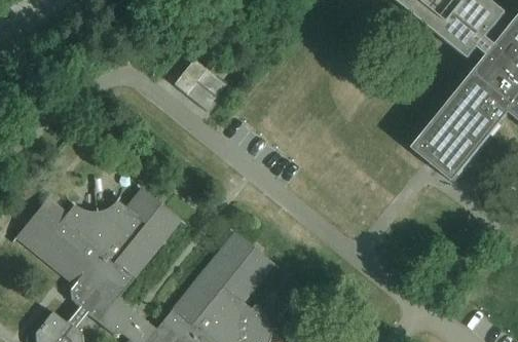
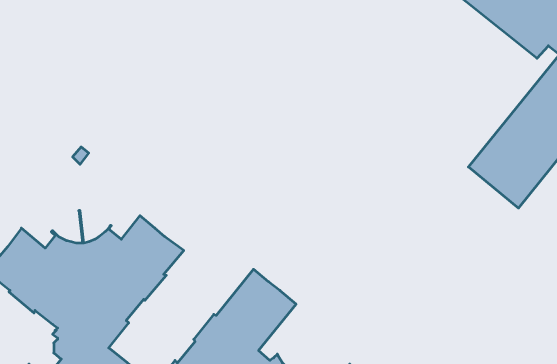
building: [172,59,224,109] -> none

